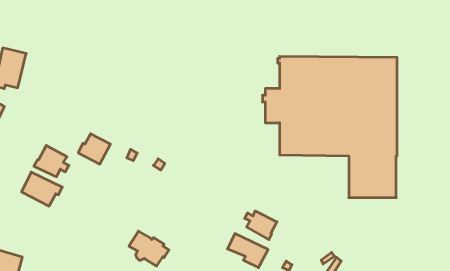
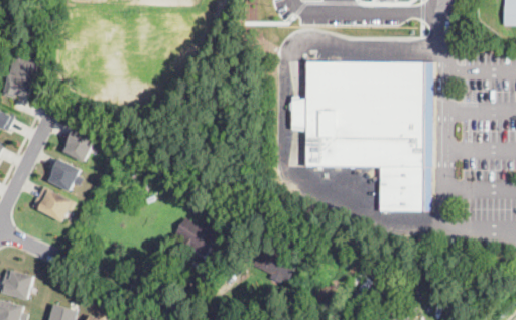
building: [78,134,110,164] -> [60,128,95,160]
building: [245,211,277,240] -> none
building: [129,231,169,266] -> [174,219,217,257]

